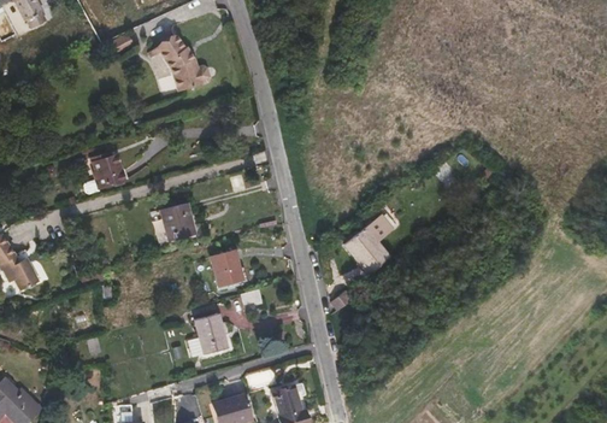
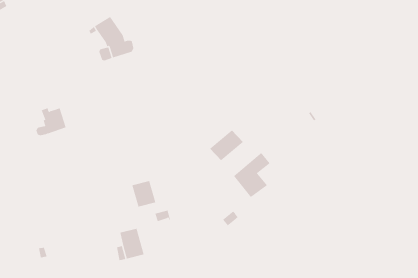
building: none -> [209,130,244,161]
building: [161,202,195,241] -> none

